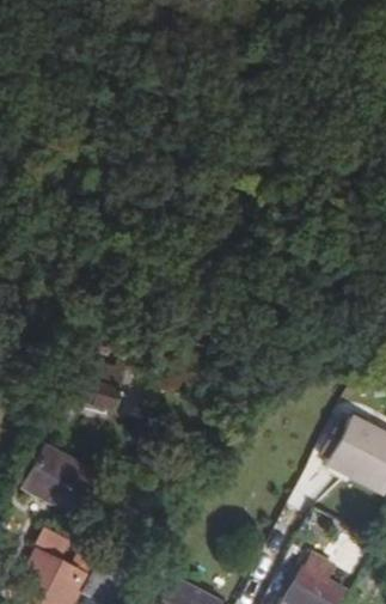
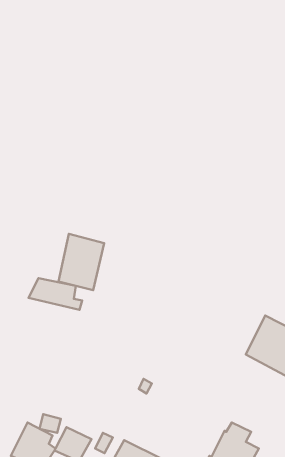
building: none -> [58,234,104,290]
building: [23,446,104,517] -> none

